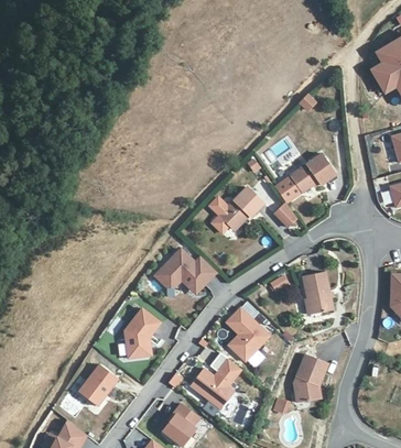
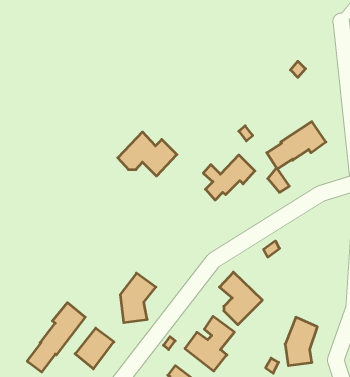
building: [155,250,216,295] -> [118,132,177,176]
building: [302,272,333,315] -> none
building: none -> [27,303,85,372]

